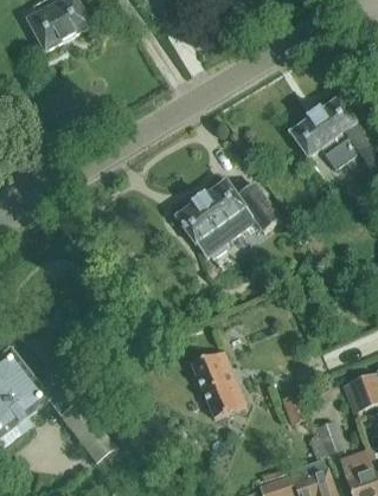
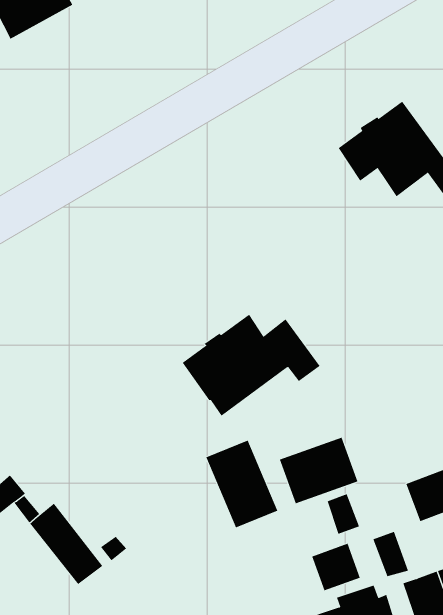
building: [175,179,280,256] -> [182,314,320,416]
building: none -> [279,437,358,504]
building: none -> [311,543,360,591]

